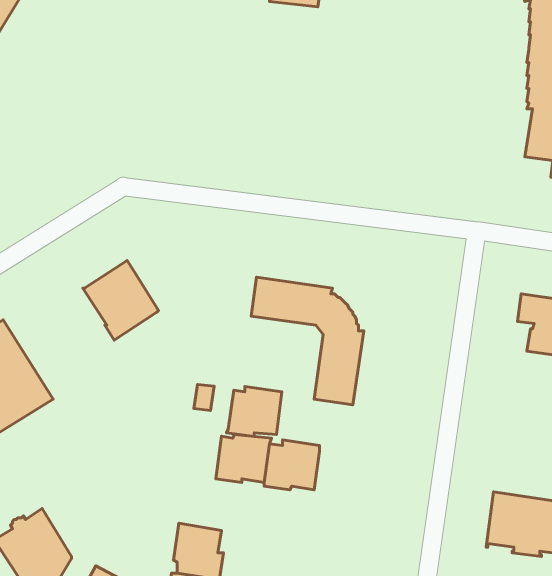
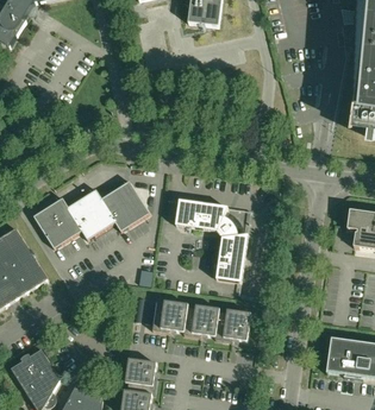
building: none -> [101,179,150,229]
building: none -> [33,196,82,247]
building: [226,386,282,436] -> [214,308,250,340]

